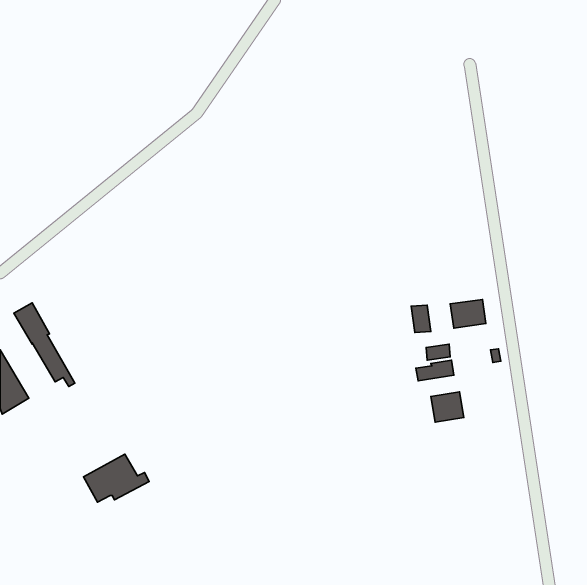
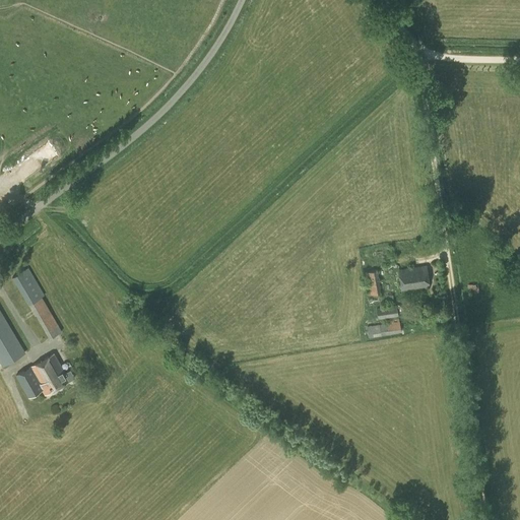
building: [431,392,464,422] -> none
building: [84,454,149,502] -> [17,354,75,397]

